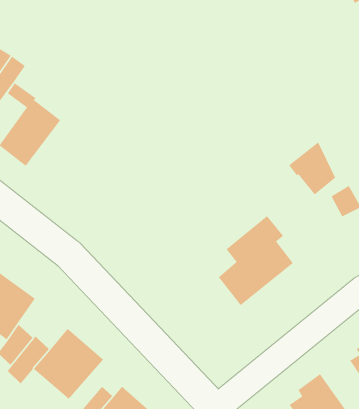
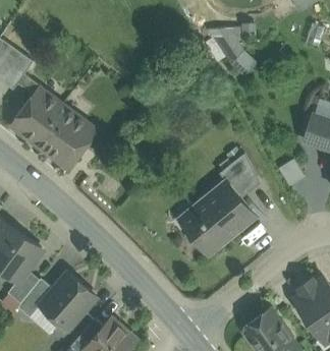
building: none -> [209,24,248,73]
building: none -> [34,105,97,168]
building: [288,141,336,195] -> [220,154,259,197]

